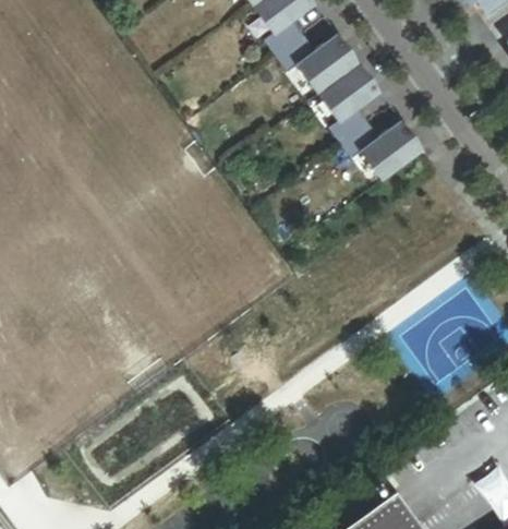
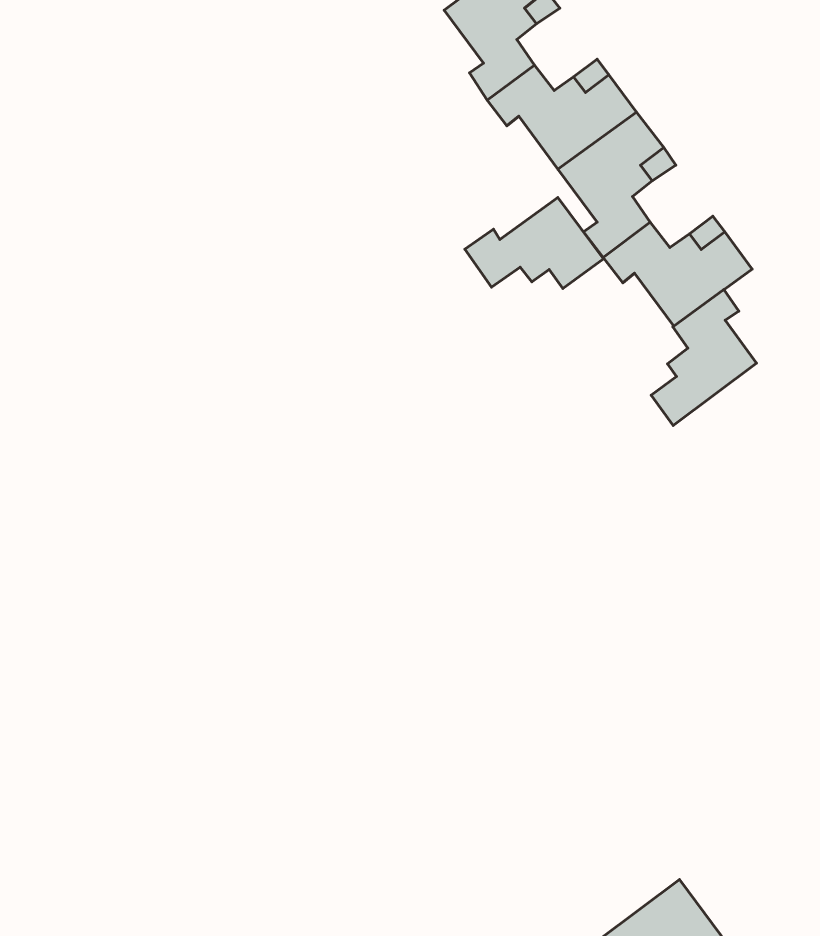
building: none -> [465,197,604,288]
building: none -> [651,290,757,425]

